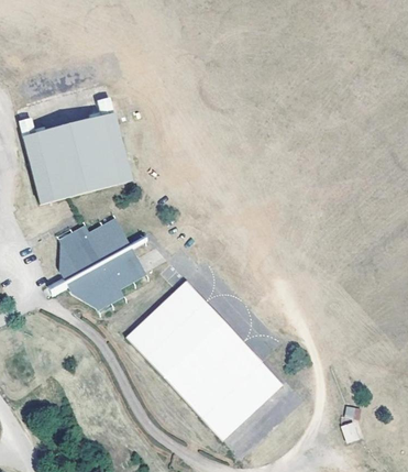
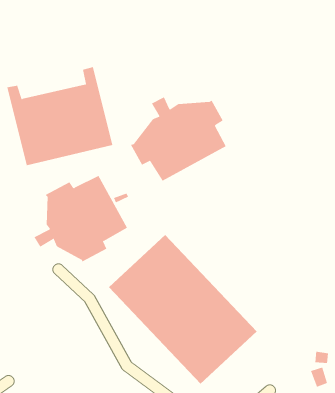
building: none -> [130,96,226,182]

